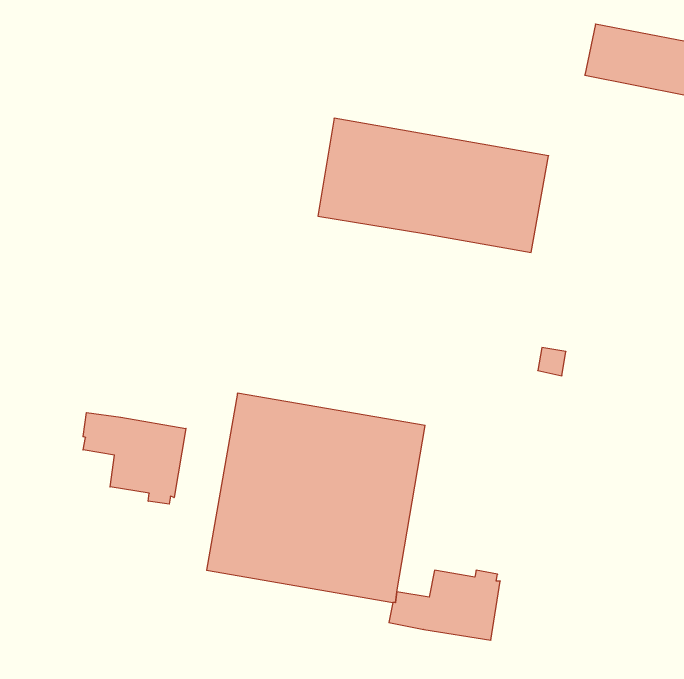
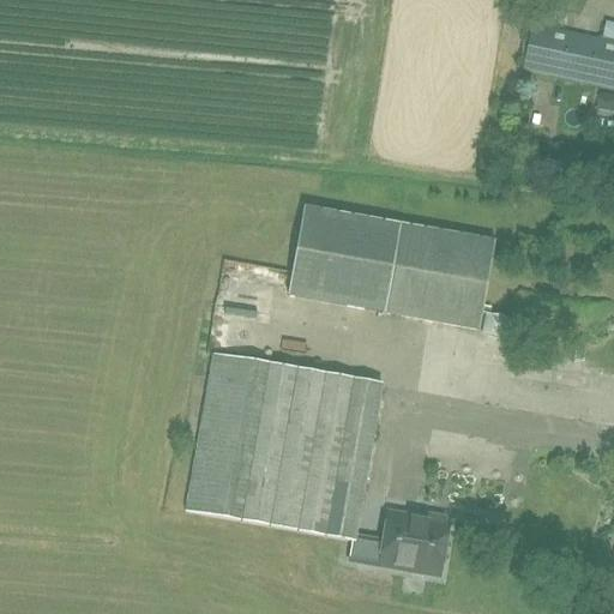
building: [318,118,549,252] -> [288,206,494,326]
building: [83,413,186,504] -> none

